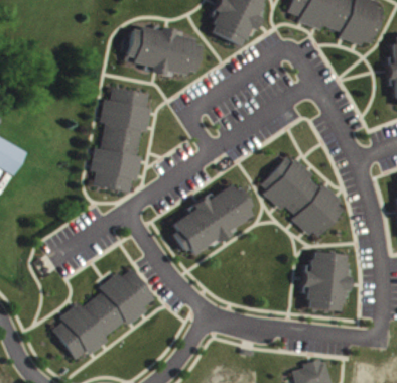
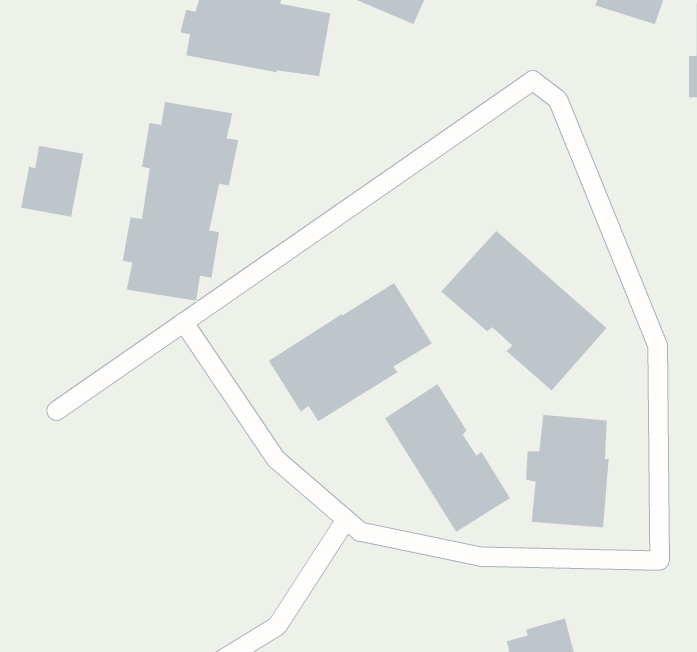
building: none -> [21,145,84,218]
building: none -> [384,383,511,533]
building: [53,269,155,361] -> none

